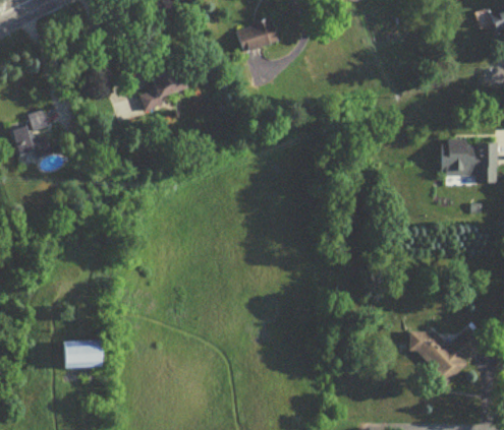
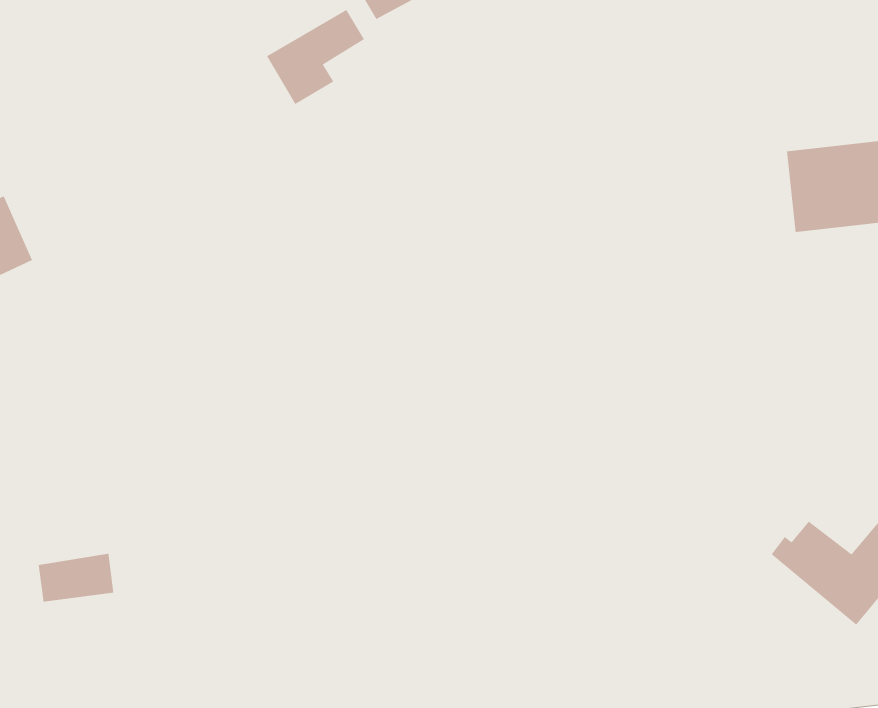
building: [133,65,184,110] -> [266,9,365,105]
building: [61,344,98,364] -> [38,553,114,602]

